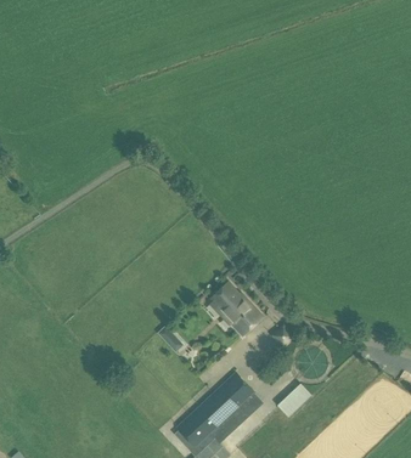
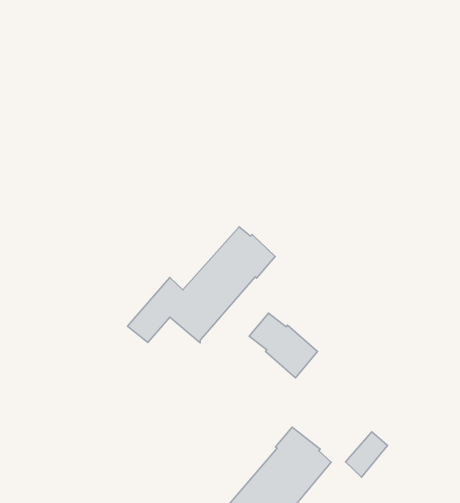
building: none -> [127,227,275,343]

